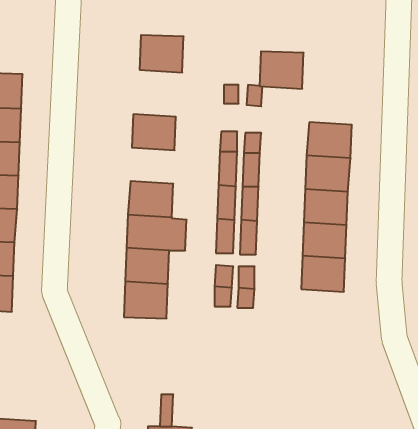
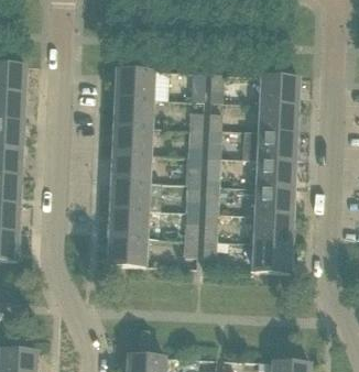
building: [140,35,184,72] -> [117,68,153,99]
building: [260,51,304,89] -> [262,75,298,106]
building: none -> [115,124,151,154]
building: none -> [254,241,291,272]

